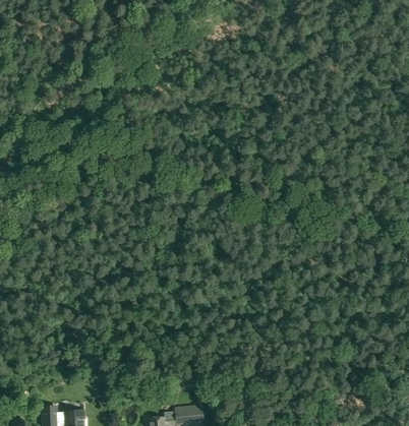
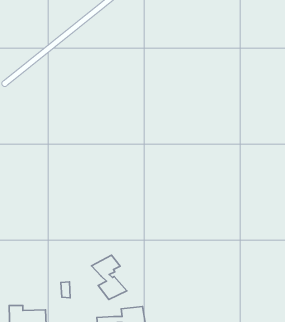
building: none -> [91,255,127,299]

